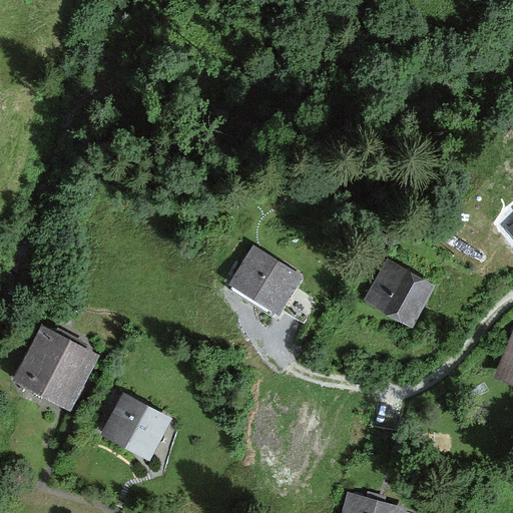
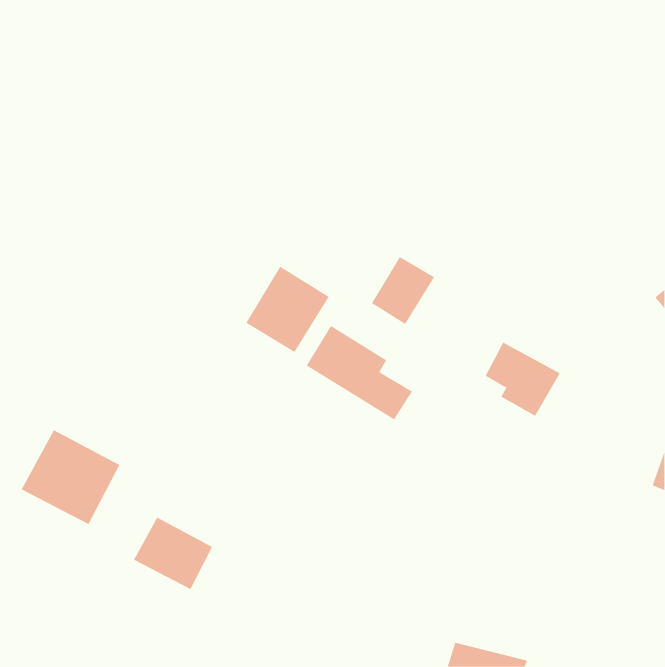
building: none -> [371,256,435,325]
building: none -> [246,266,329,353]

